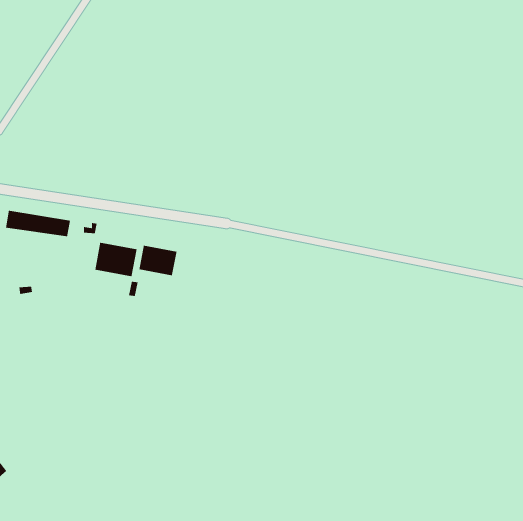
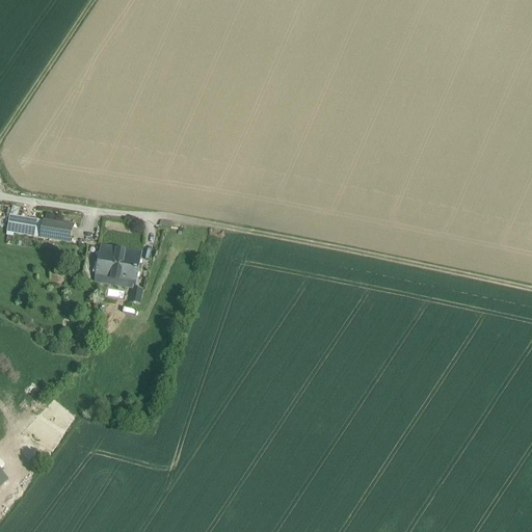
building: [139,245,177,276] -> none

